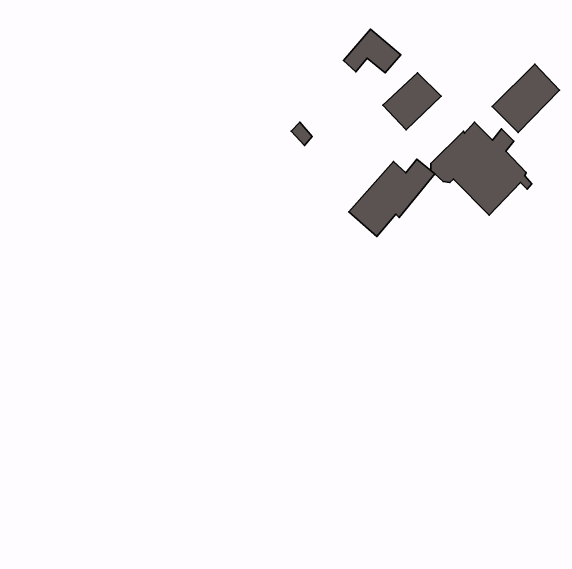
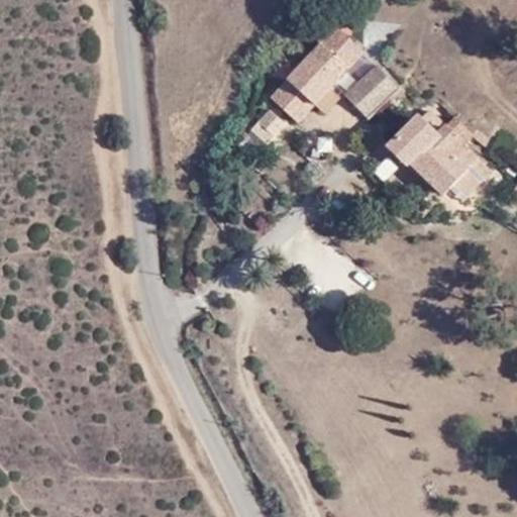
building: [492,64,560,133] -> none
building: [349,159,435,237] -> [270,53,347,122]

